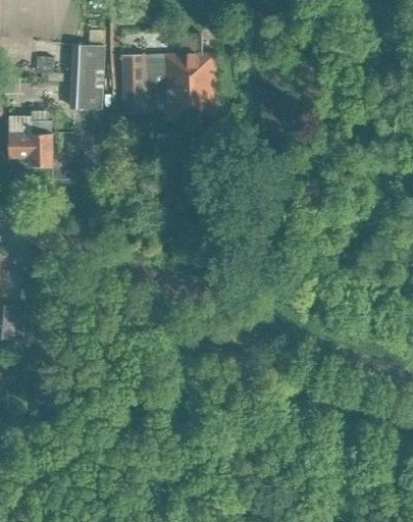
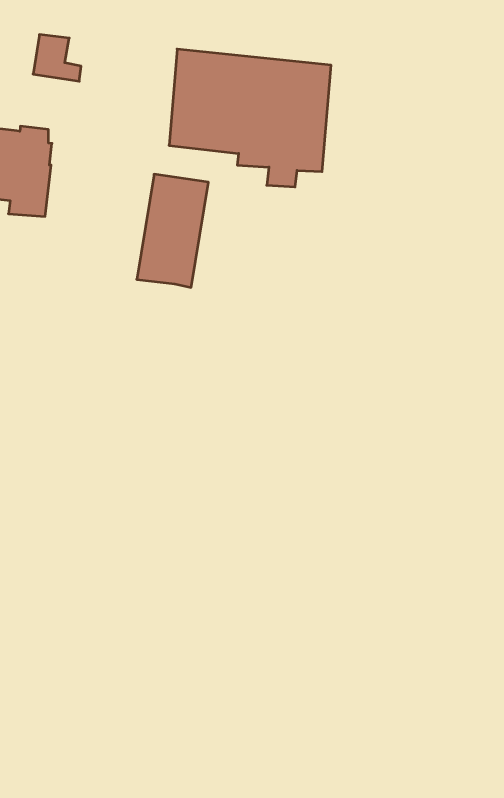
building: [69,43,106,109] -> [137,174,208,287]

